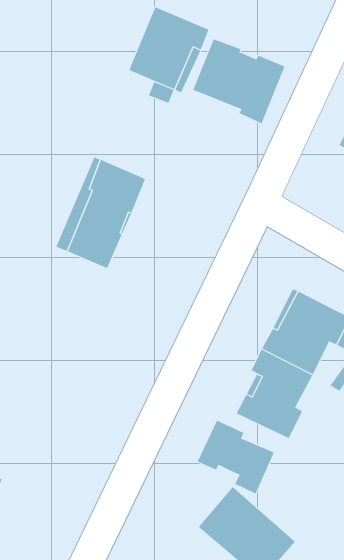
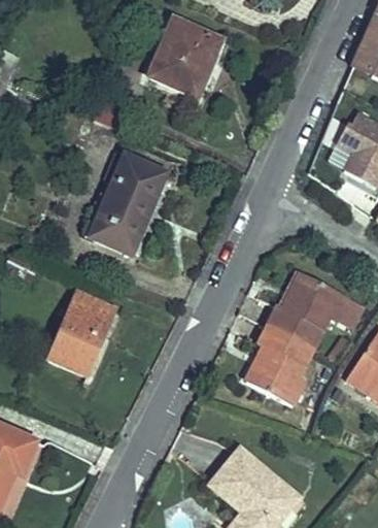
building: [192,38,285,124] -> none
building: none -> [49,292,115,373]
building: [197,420,274,495] -> none

